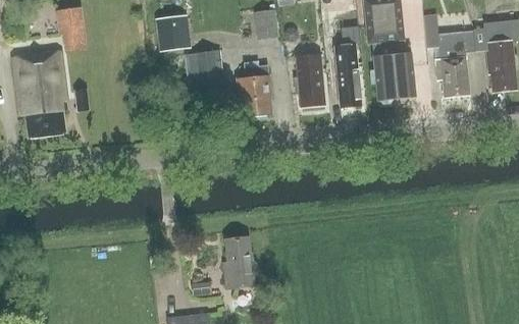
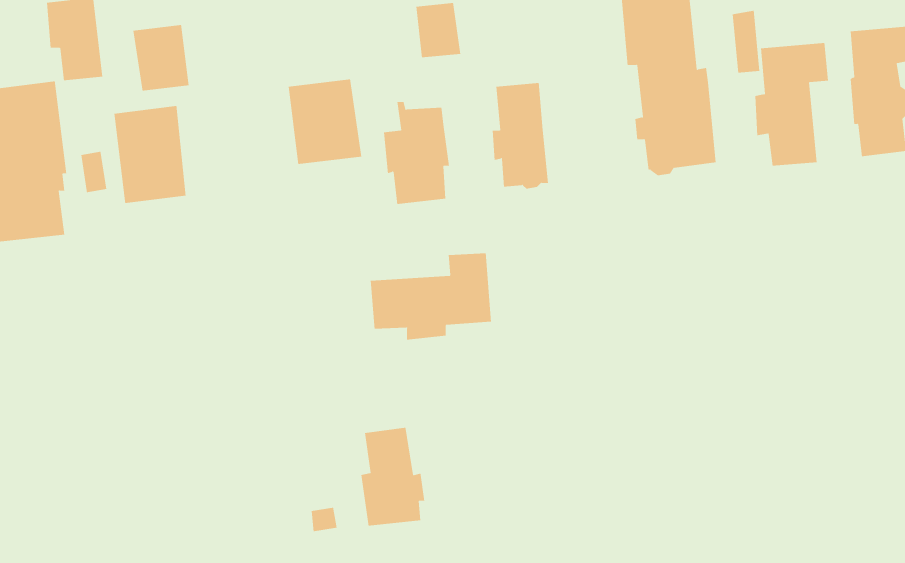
building: [155,15,186,51] -> [132,25,190,91]
building: [334,42,361,107] -> none
building: none -> [114,105,186,204]
building: none -> [370,252,492,341]

